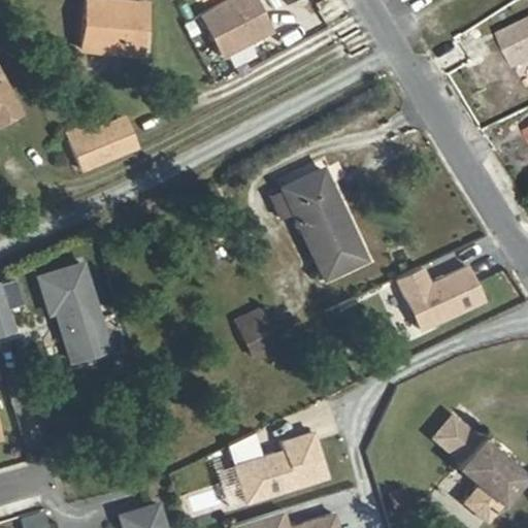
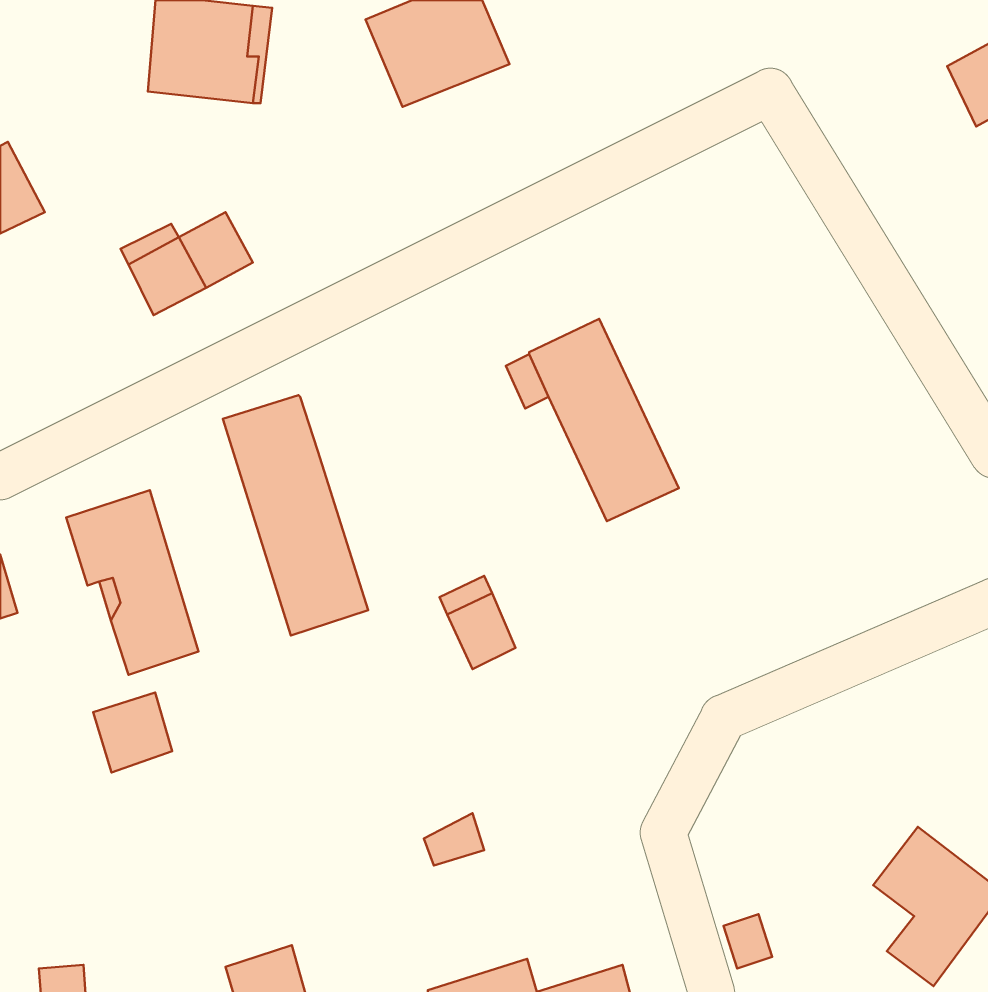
building: none -> [223,395,368,636]
building: [397,265,484,329] -> none
building: none -> [93,693,172,773]
building: [428,409,477,459] -> none
building: [234,431,327,502] -> none

